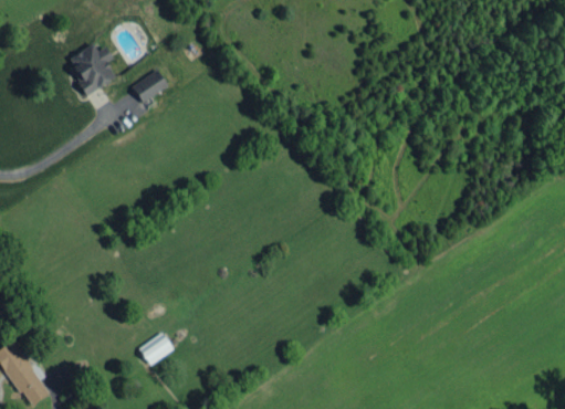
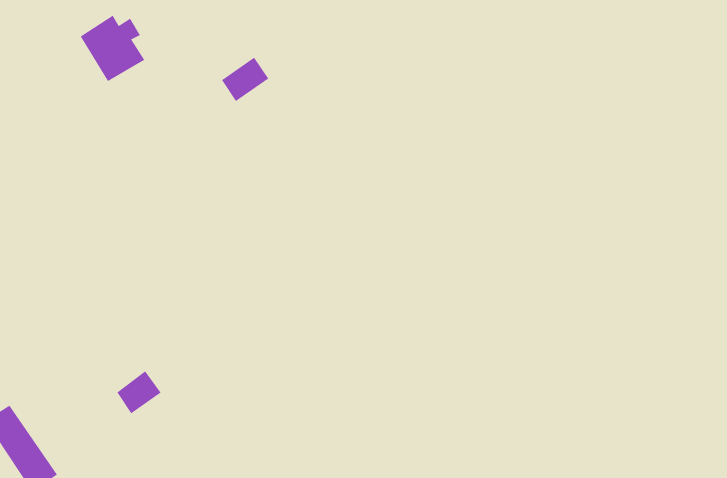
building: [132,70,168,104] -> [221,57,269,102]
building: [139,333,174,366] -> [116,371,161,414]

